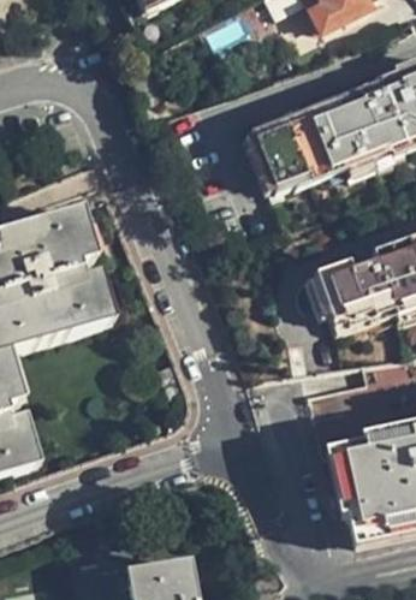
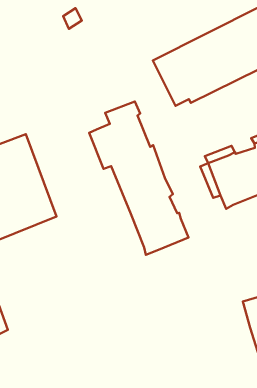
building: none -> [89,102,189,255]

